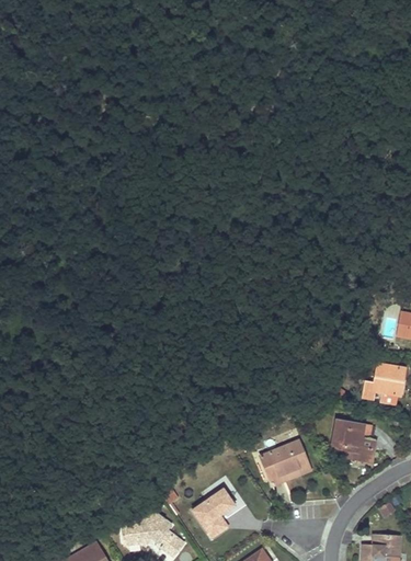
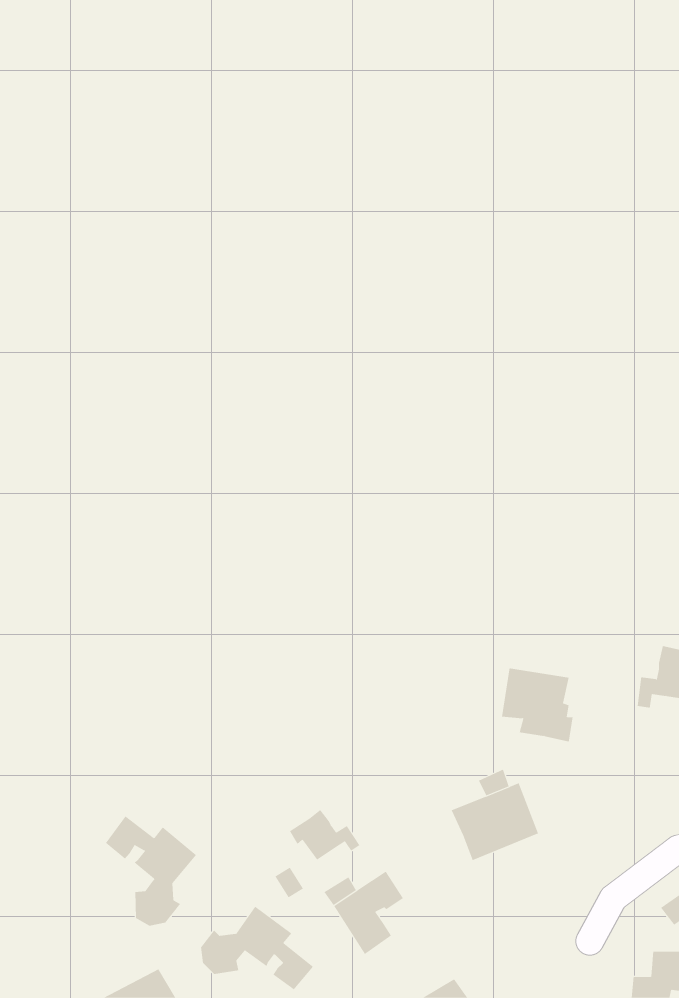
building: [333,420,374,461] -> [501,668,574,742]
building: none -> [289,809,360,860]
building: none -> [105,816,197,926]

